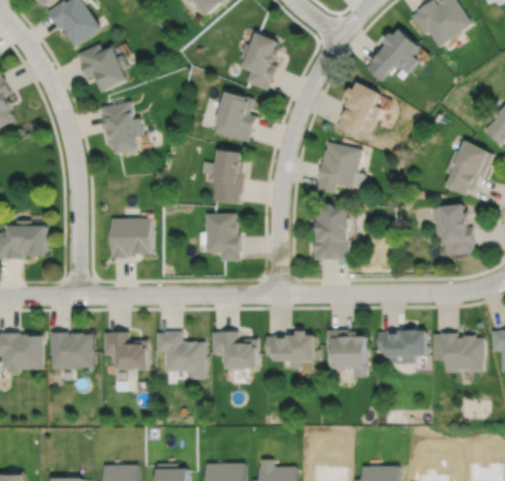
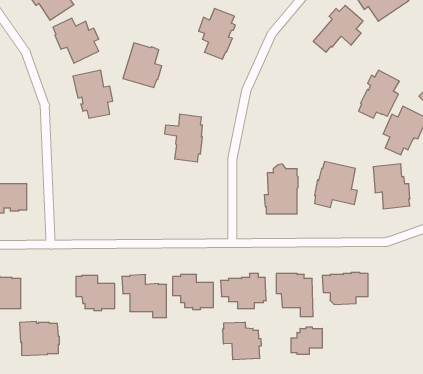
building: [337,83,382,136] -> [359,70,399,118]
building: [214,92,257,142] -> [123,43,162,88]
building: [317,143,364,194] -> [315,162,357,208]
building: [205,214,241,262] -> none
building: [111,219,152,259] -> none
building: [48,330,92,368] -> [20,321,59,355]
building: [432,331,483,371] -> none
building: none -> [223,322,261,360]
building: none -> [291,327,322,354]

